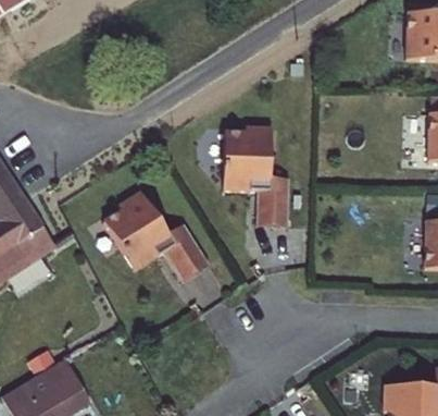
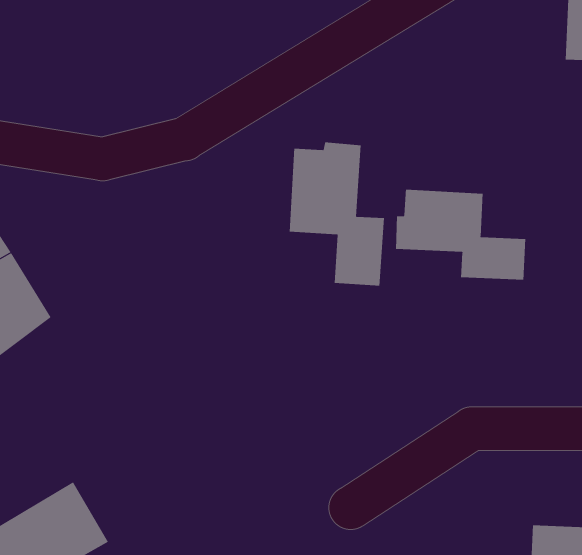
building: none -> [396,189,526,281]
building: [98,191,203,281] -> none

